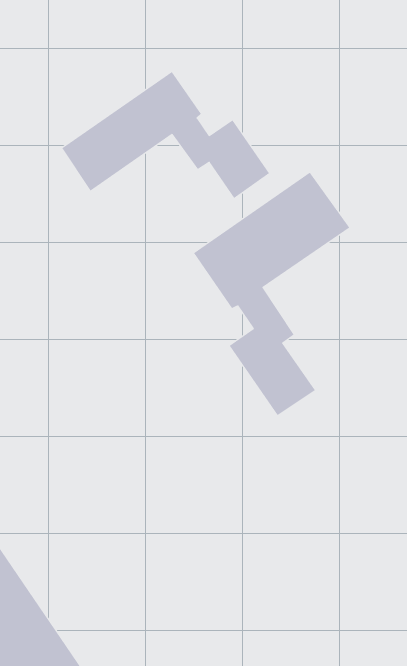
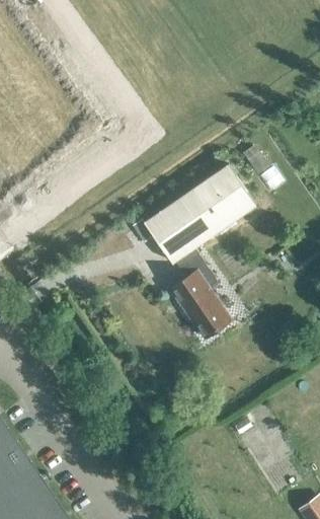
building: [61,71,270,199] -> none

